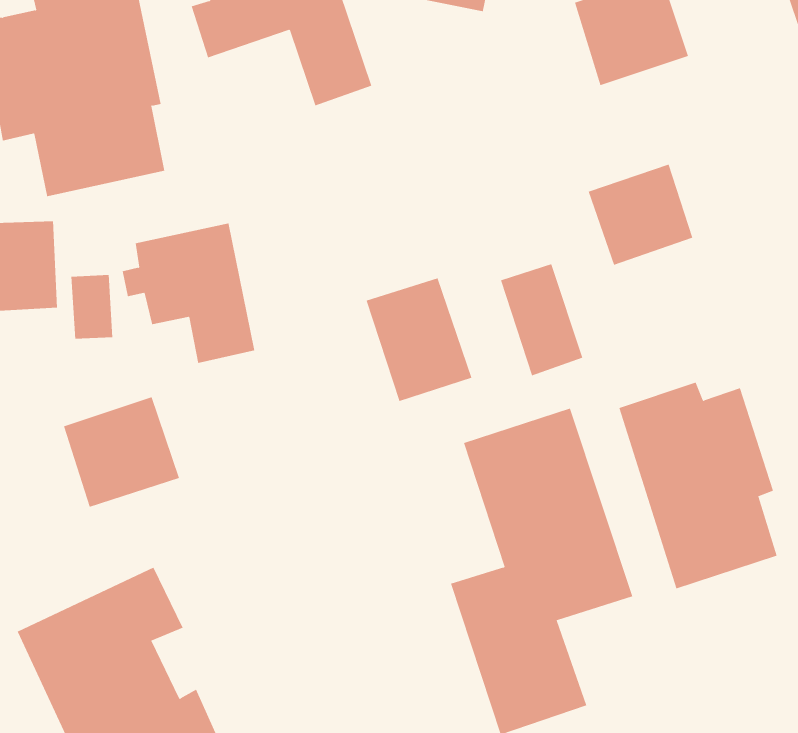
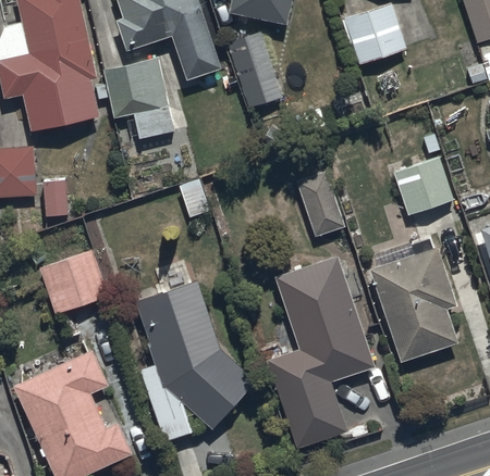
building: none -> [224,30,284,111]
building: [588,164,693,265] -> [392,156,454,216]
building: [122,223,255,364] -> [96,58,174,140]
building: [366,277,472,402] -> none
building: none -> [136,279,256,442]

